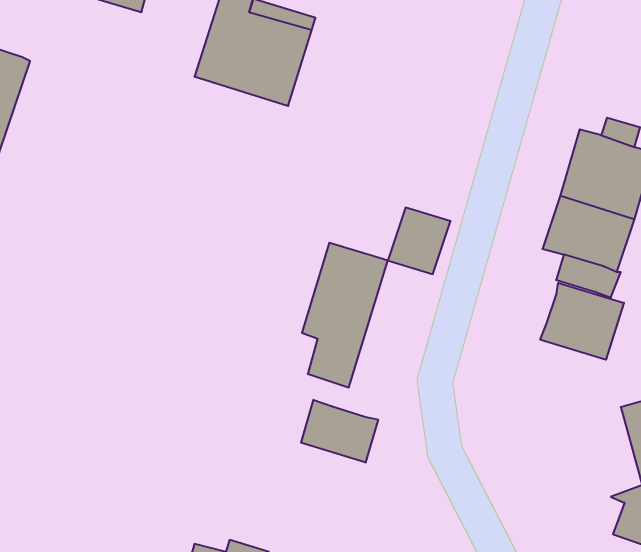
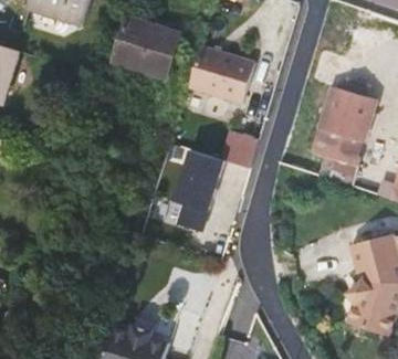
building: none -> [187,38,253,95]
building: [540,283,624,360] -> none
building: [301,400,378,463] -> none

